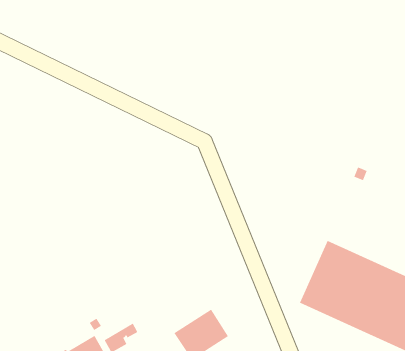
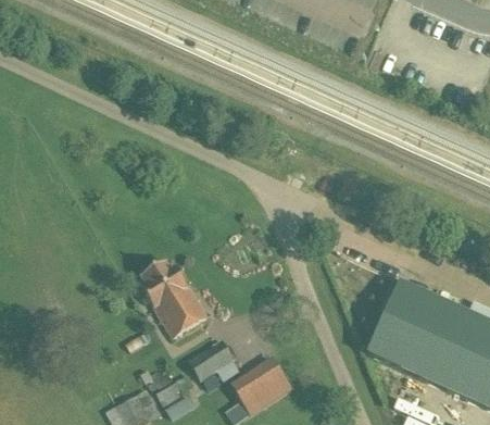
building: none -> [141,258,206,335]
building: none -> [187,336,239,379]

